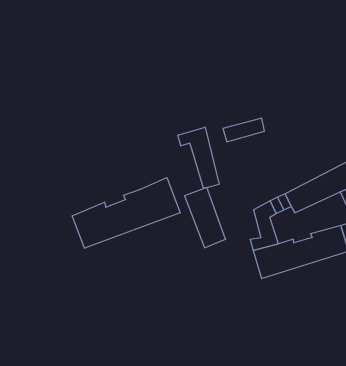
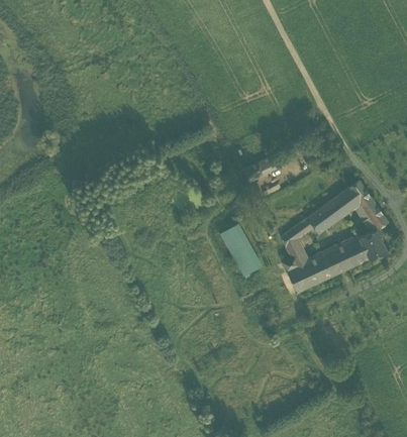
building: [178,127,219,188] -> none
building: [72,178,180,248] -> none

